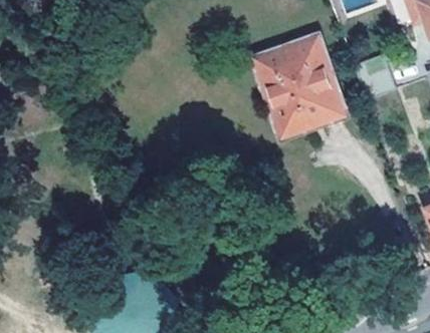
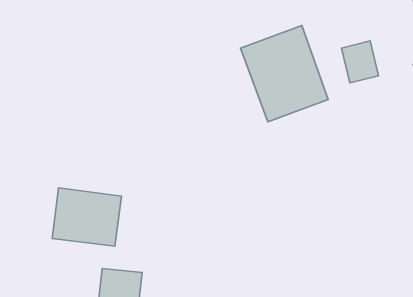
building: none -> [52,188,121,246]

